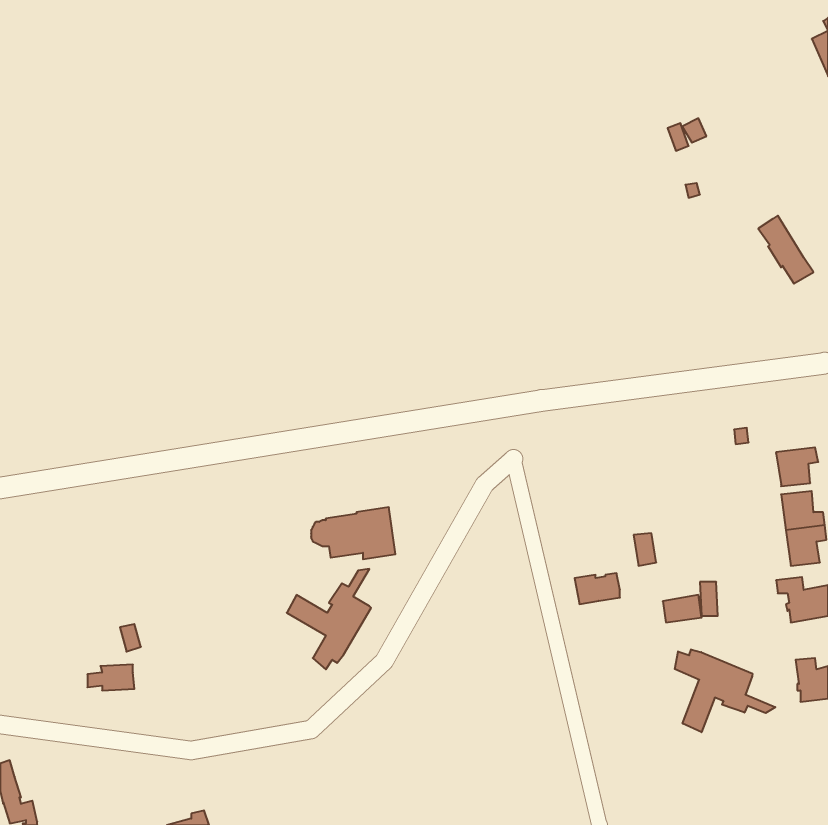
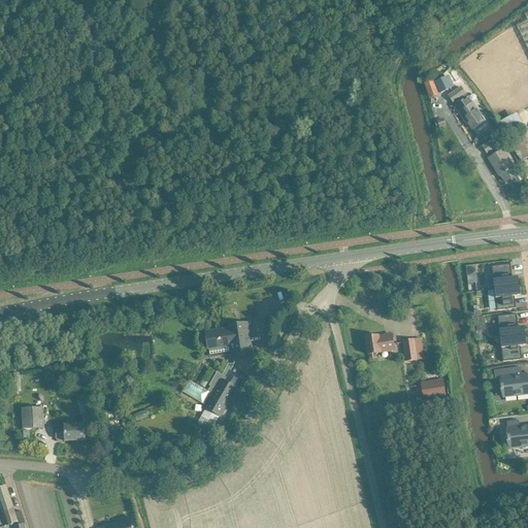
building: none -> [449,86,485,128]
building: none -> [492,263,519,288]
building: [575,573,620,604] -> [365,333,394,353]
building: none -> [23,406,44,427]
building: [675,649,775,732] -> none

